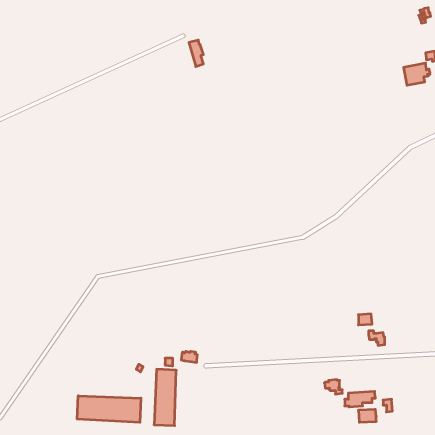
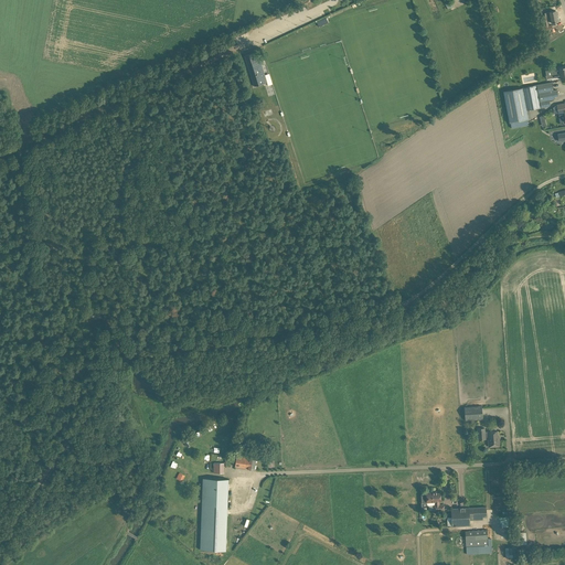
building: none -> [502,88,527,125]
building: [77,396,141,422] -> none

